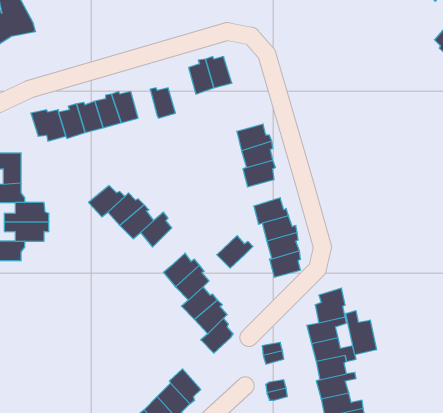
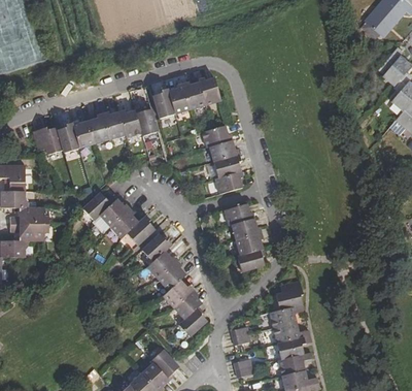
building: none -> [198,77,220,105]
building: none -> [152,89,174,119]
building: none -> [118,110,141,138]
building: none -> [202,126,232,148]
building: [217,236,253,268] -> [141,234,172,262]
building: [346,311,377,355] -> none

